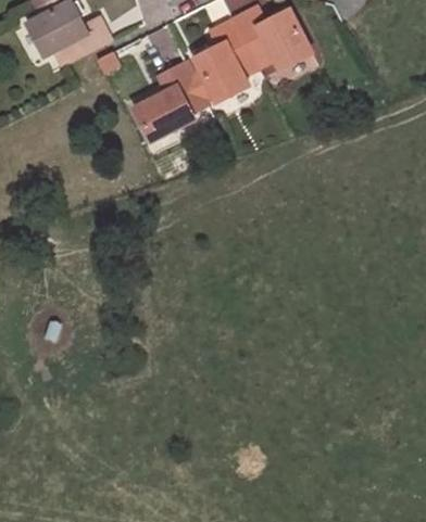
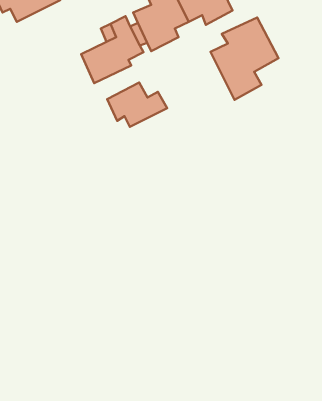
building: none -> [211,17,279,100]
building: none -> [107,83,167,127]

